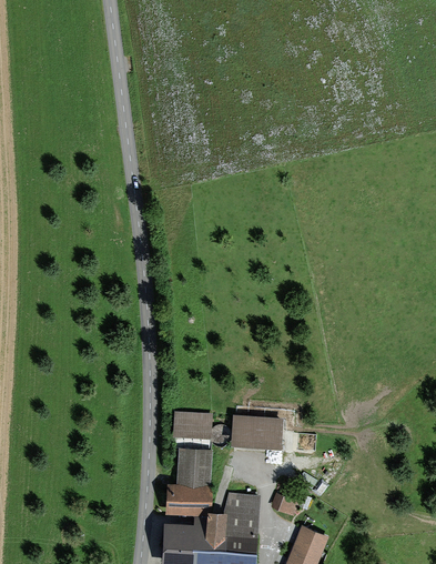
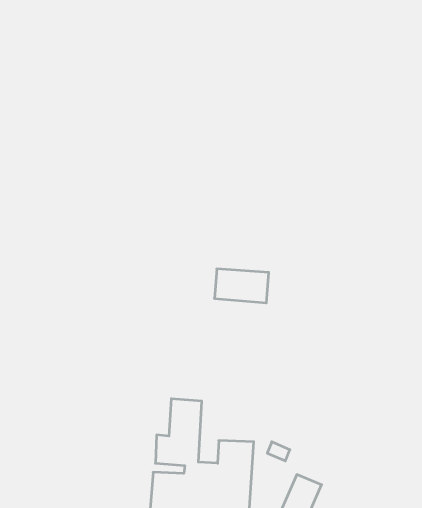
building: [175,414,214,440] -> none
building: [229,415,282,449] -> [214,269,269,303]

